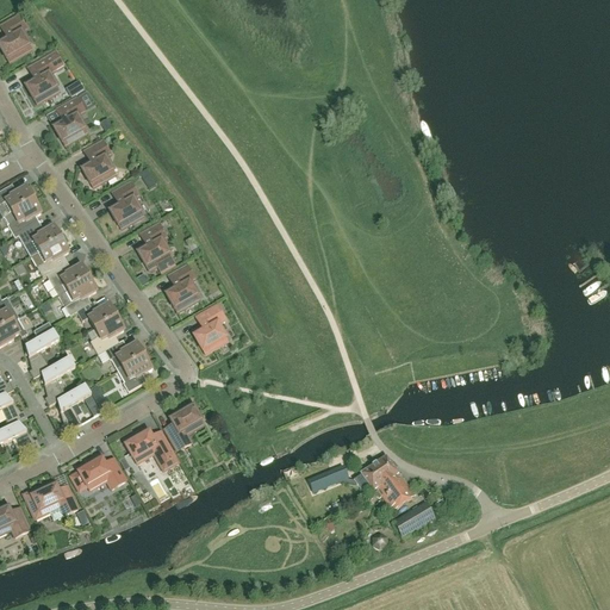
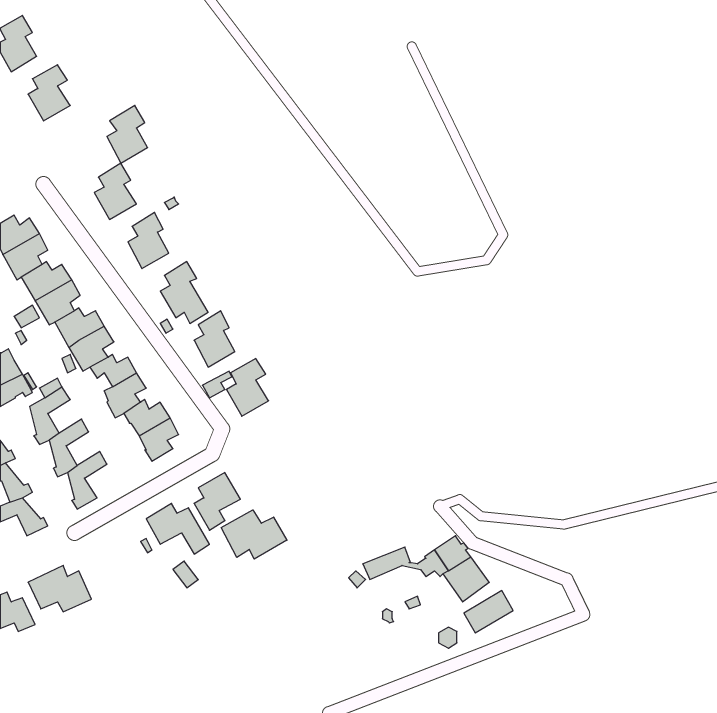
building: [54,95,88,144] -> [107,105,148,163]
building: none -> [221,510,287,559]
building: [71,454,126,490] -> none

